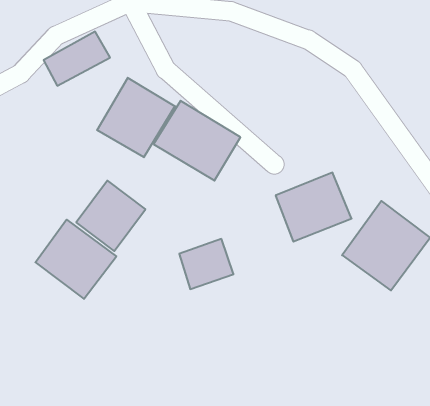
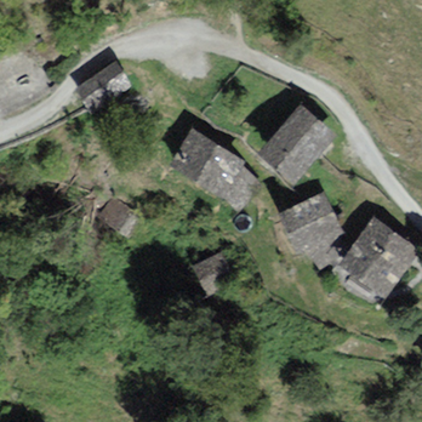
building: none -> [256,103,337,183]
building: [97,78,175,157] -> none
building: [35,220,116,299] -> none

